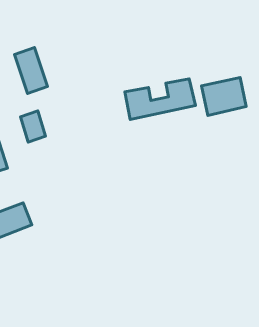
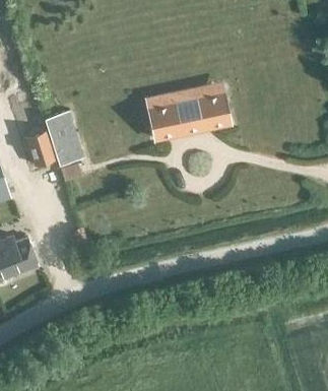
building: [14,47,48,94] -> [45,112,83,166]
building: [201,78,246,116] -> none

